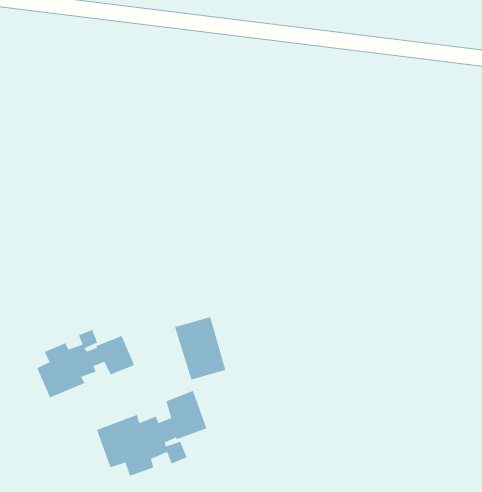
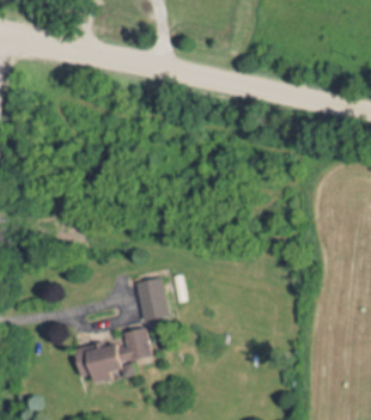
building: [37,329,135,398] -> none

